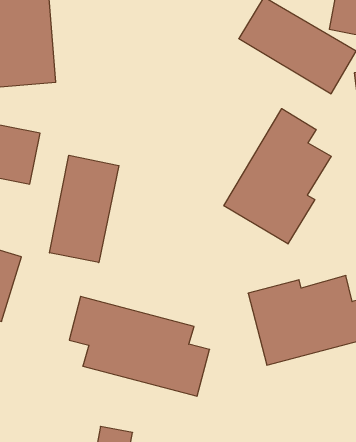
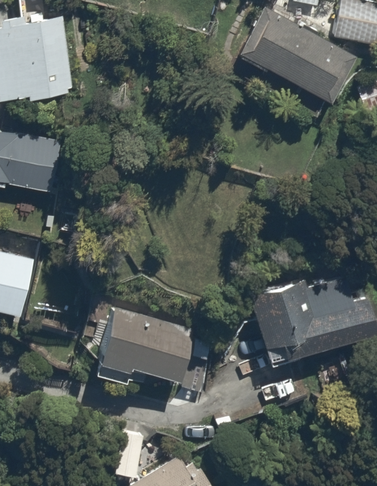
building: [224,109,331,244] -> none
building: [50,155,119,263] -> none

